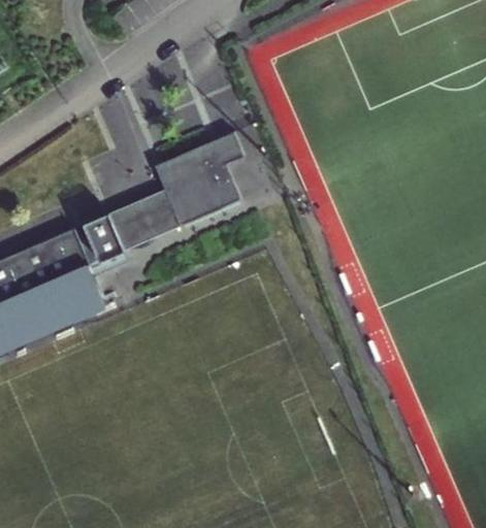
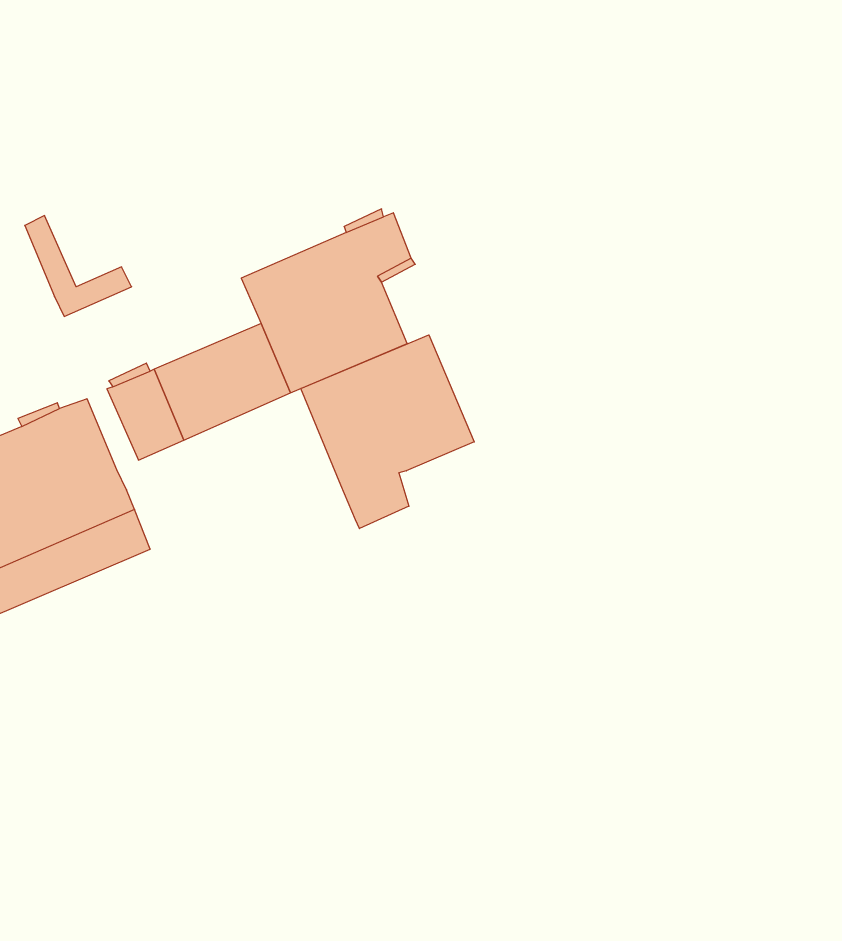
building: none -> [301,335,474,529]
building: [69,226,125,278] -> [25,216,132,316]

